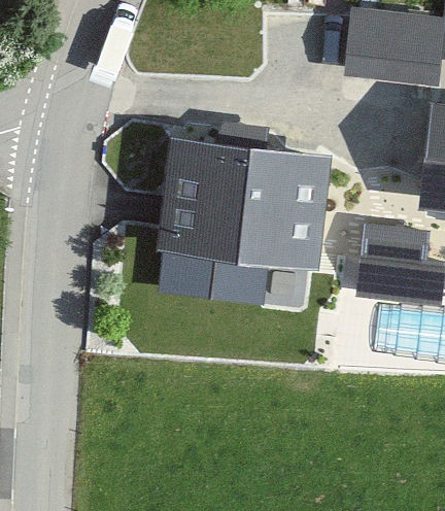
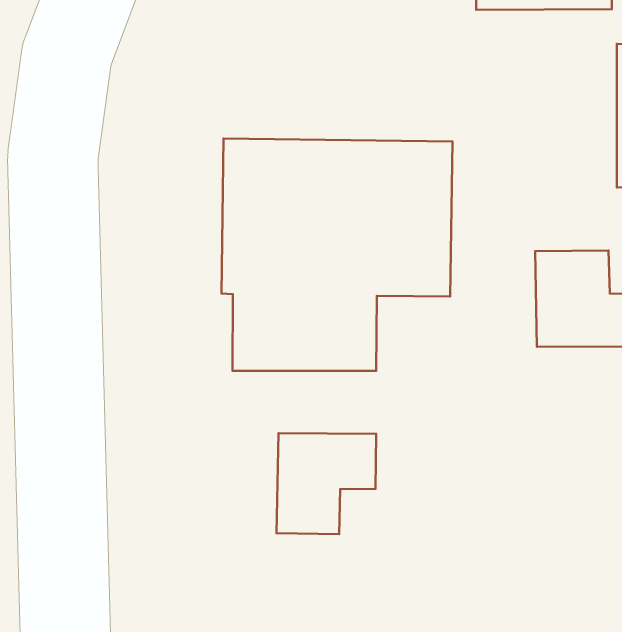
building: none -> [277,433,376,534]

